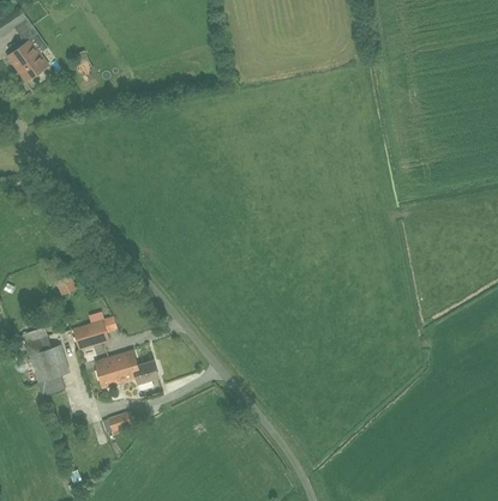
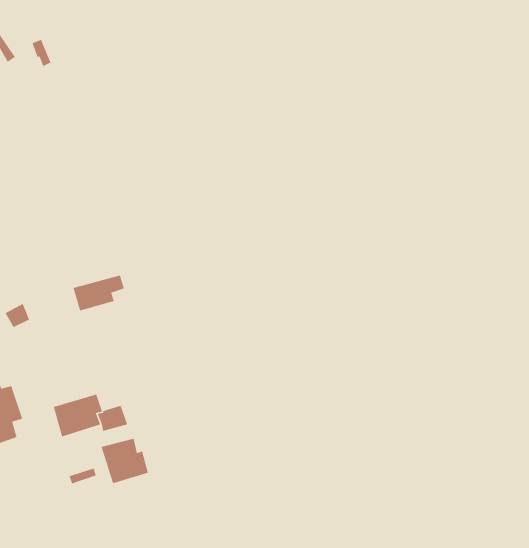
building: [72,318,116,349] -> [72,275,125,311]
building: none -> [101,438,149,484]

